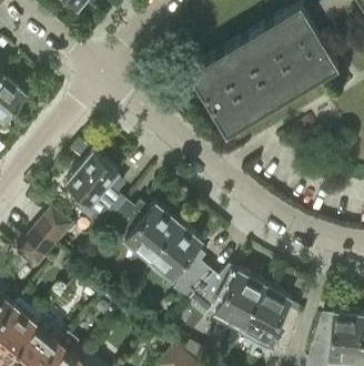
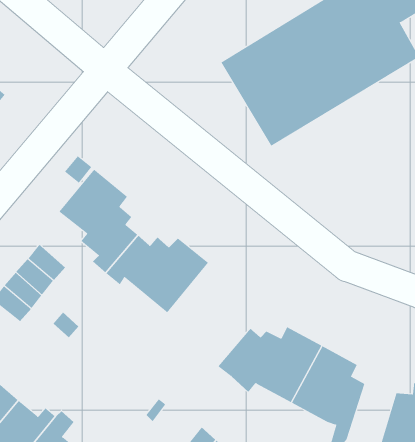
building: [148,222,210,299] -> none

